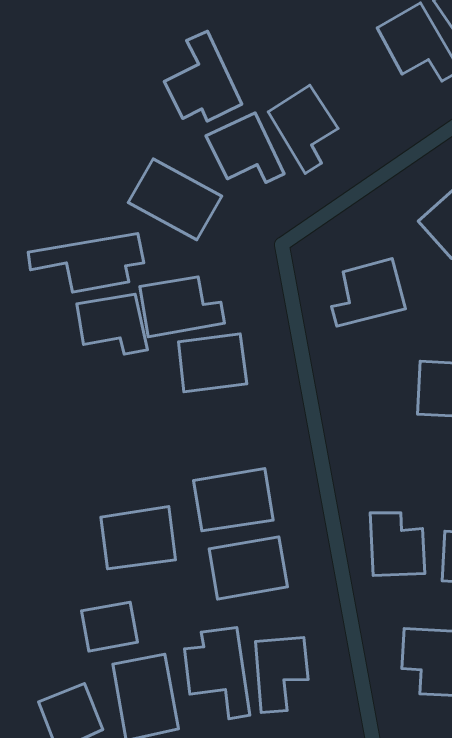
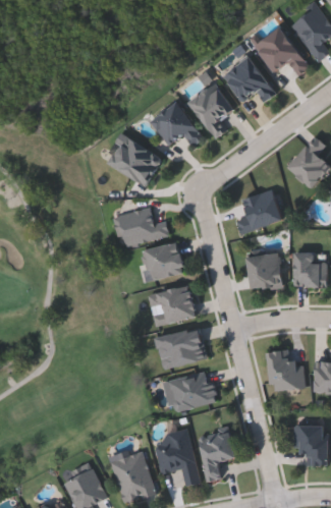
building: [164,31,242,121] -> none
building: none -> [224,56,276,101]
building: [28,234,144,292] -> none
building: [77,294,147,354] -> none
building: none -> [247,252,281,290]
building: [101,506,176,569] -> [148,284,197,326]
building: [81,602,137,651] -> none

